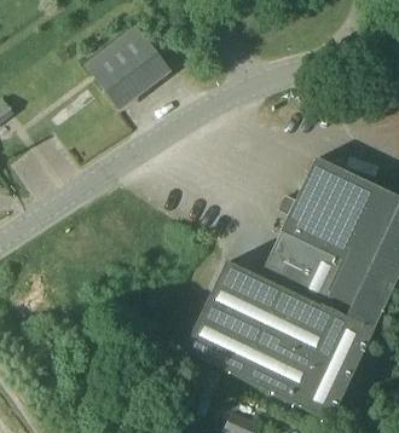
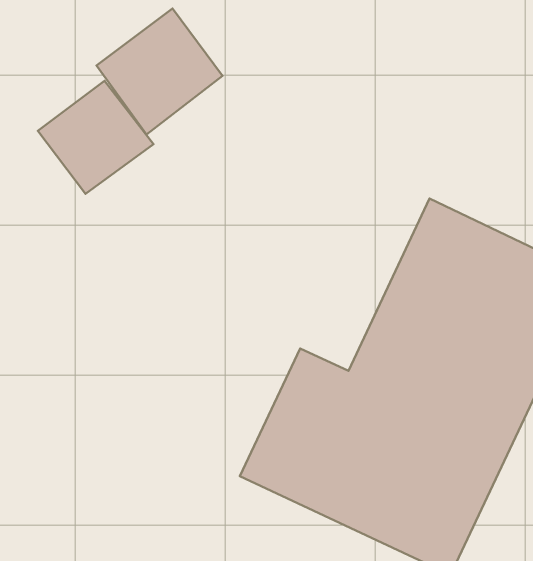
building: none -> [38,81,153,194]

